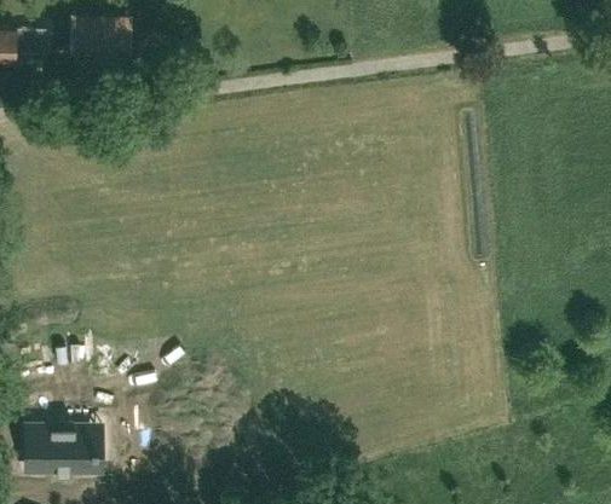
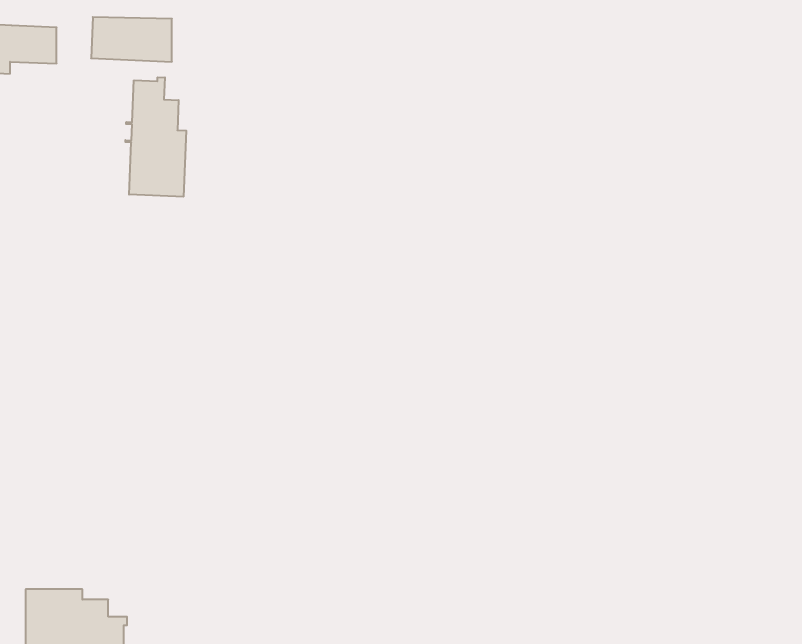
building: none -> [125,77,186,197]

